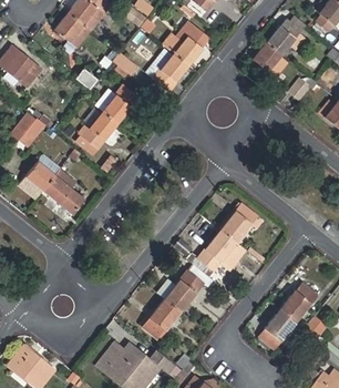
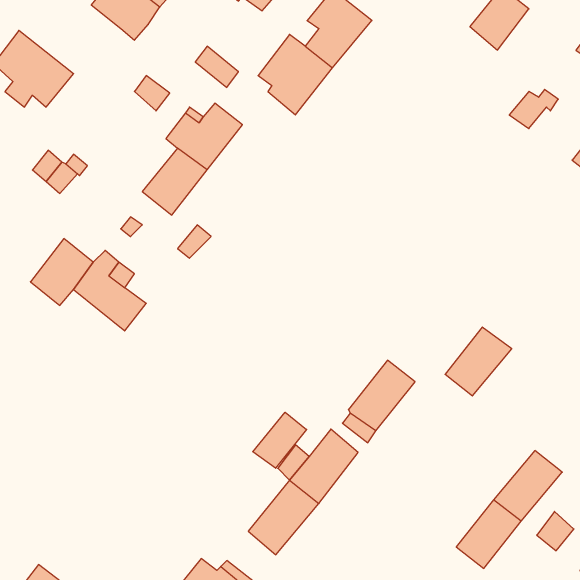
building: [253,42,286,78] -> none
building: [220,204,258,243] -> [445,327,512,396]
building: none -> [253,412,307,468]

